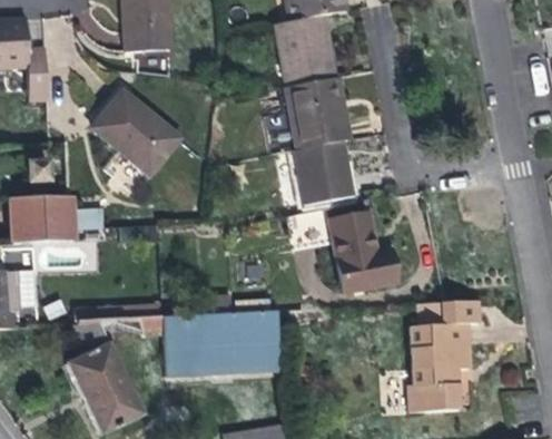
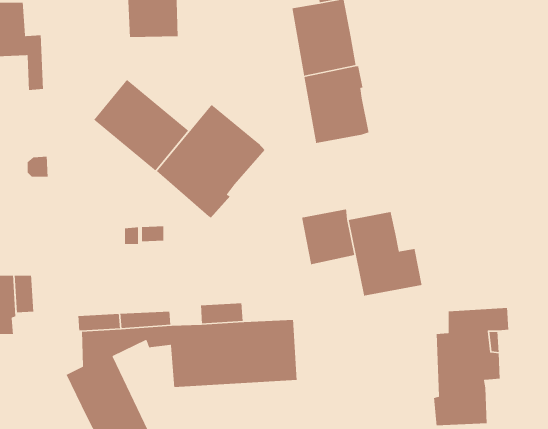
building: none -> [156,104,265,218]
building: [296,142,352,204] -> none
building: [11,196,75,243] -> none

